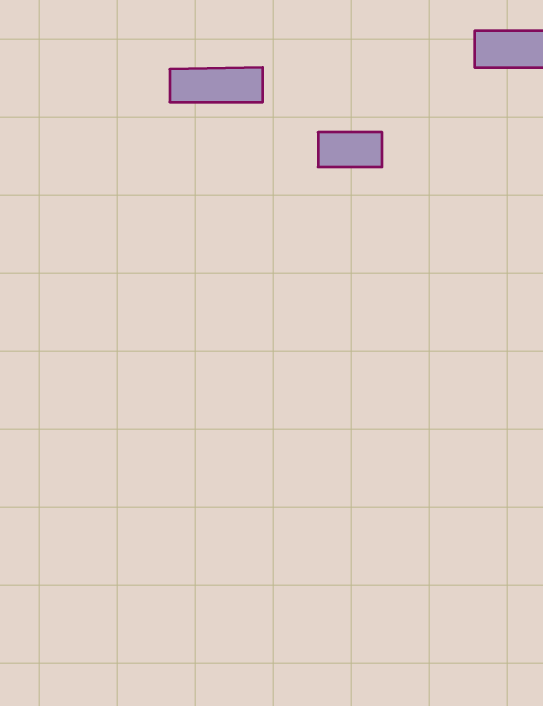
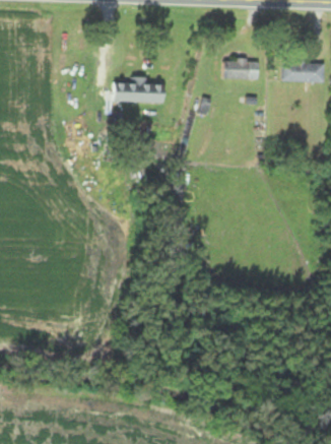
building: [318,132,382,167] -> [224,60,260,79]

